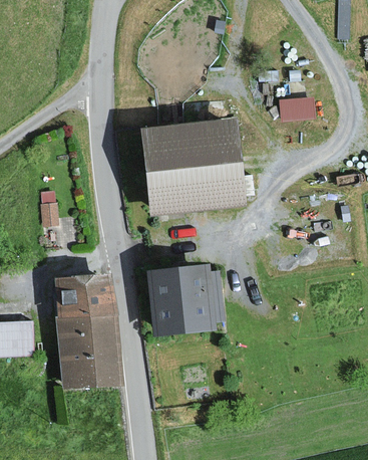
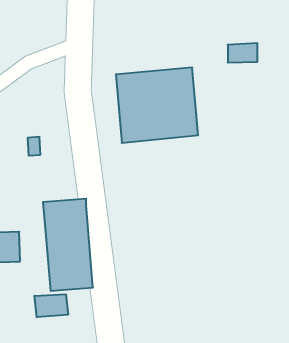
building: [150,266,214,333] -> none
building: none -> [35,294,68,317]

